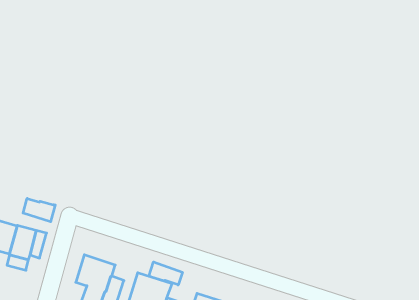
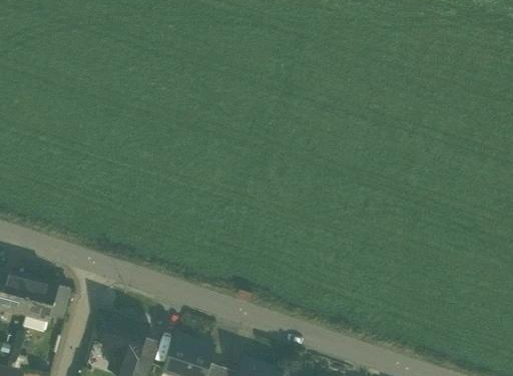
building: [23,198,55,222] -> none
building: [149,262,182,285] -> none

